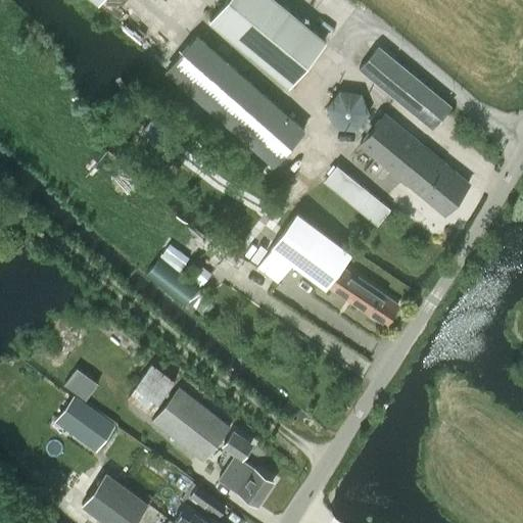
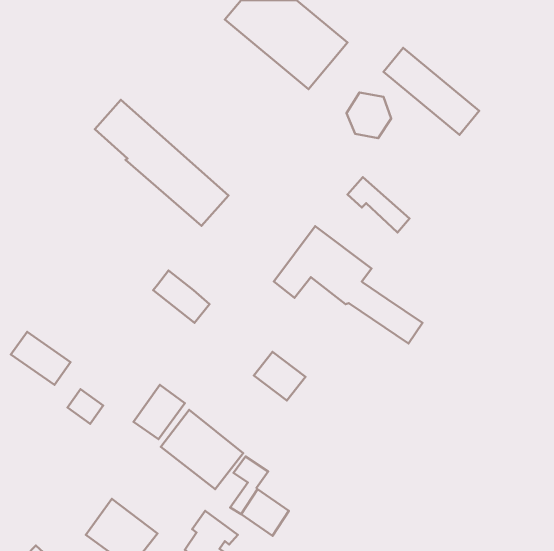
building: [181,43,306,161] -> [95,100,229,226]
building: [360,116,469,217] -> none
building: none -> [254,352,306,400]
building: [58,399,114,449] -> [11,332,71,385]

